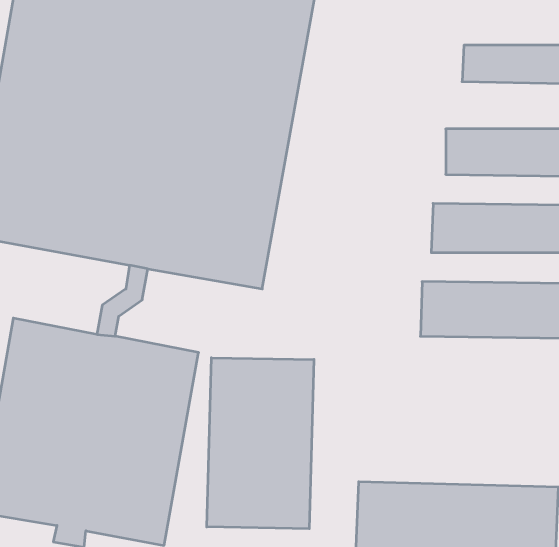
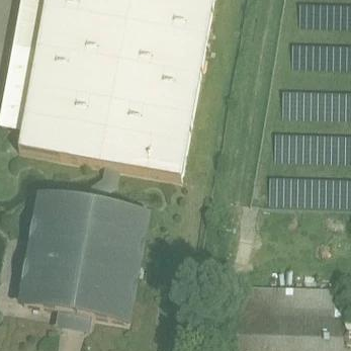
building: [207,358,314,529] -> none

